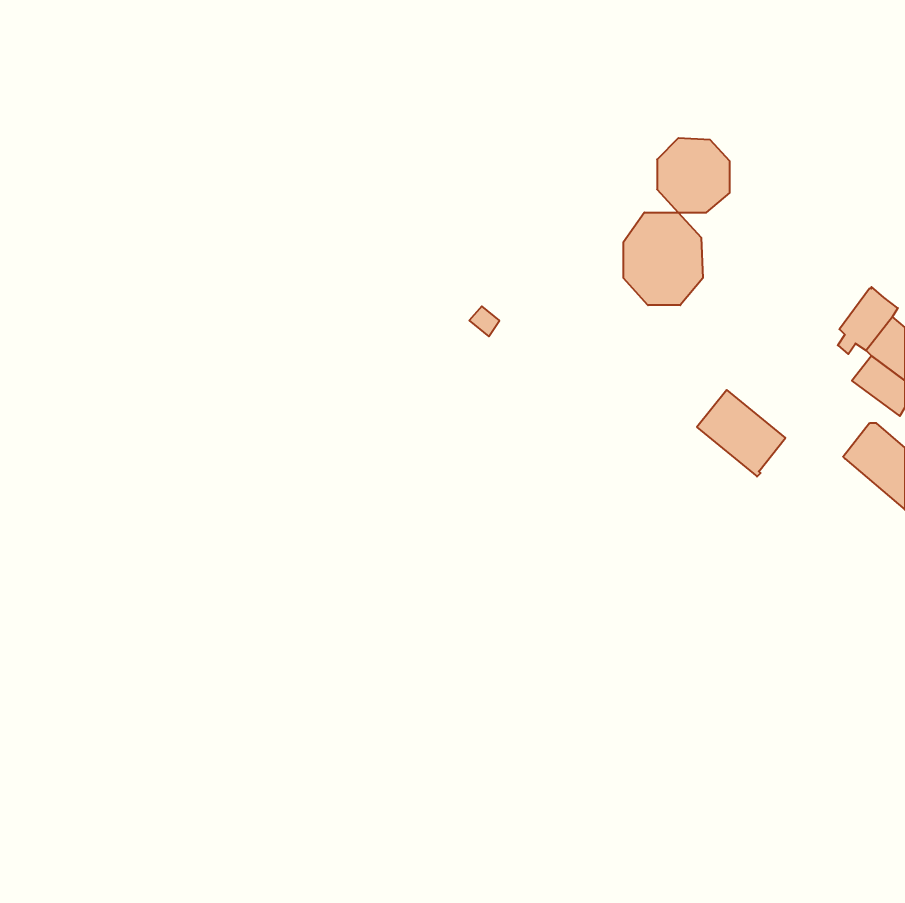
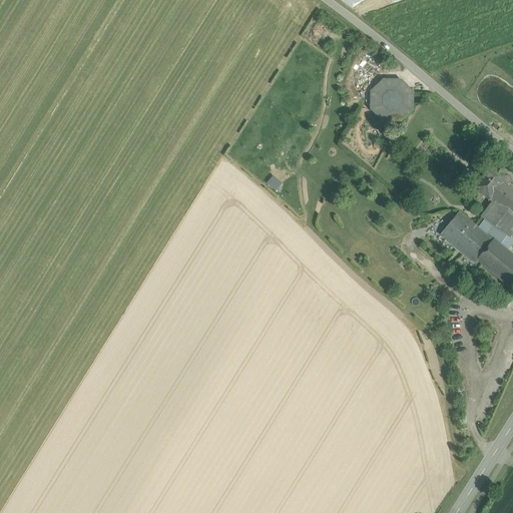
building: [623,212,703,305] -> none
building: [697,390,785,477] -> [442,212,492,262]

